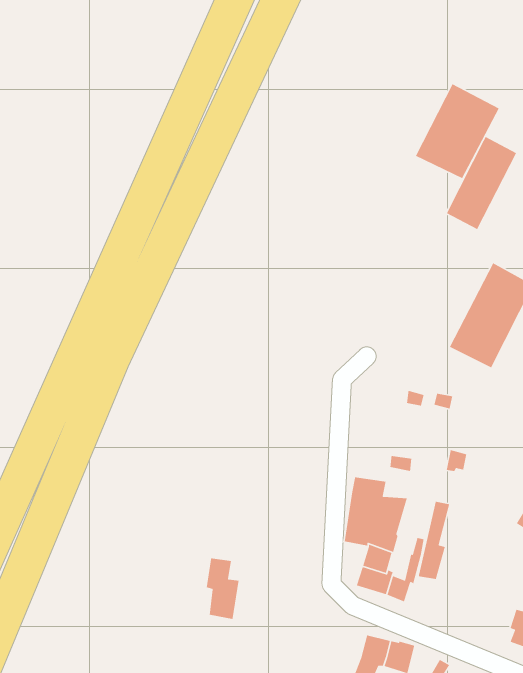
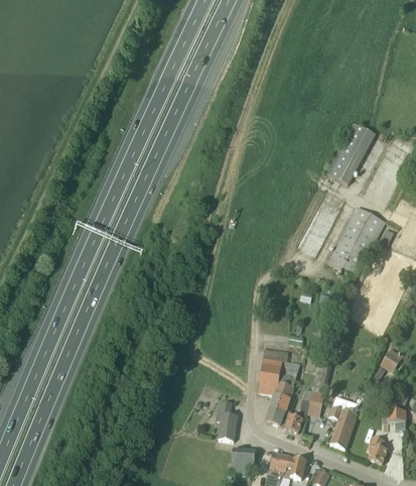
building: [415,83,500,179] -> none
building: [206,557,239,620] -> [216,399,238,441]
building: none -> [329,405,358,449]
building: none -> [232,448,254,471]

